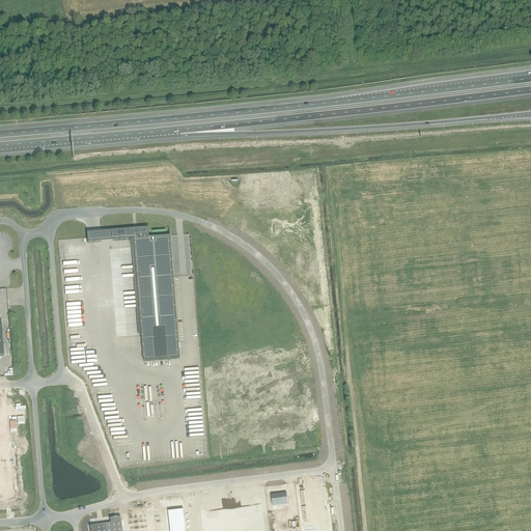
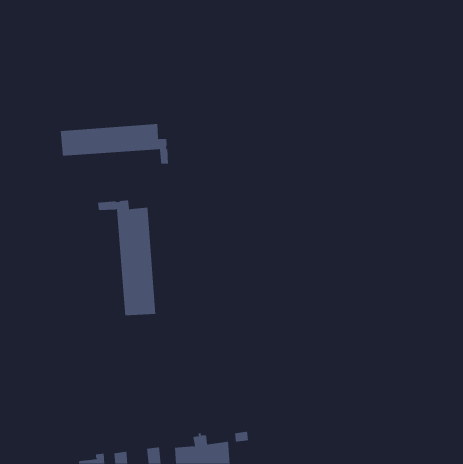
building: none -> [60,123,168,165]

